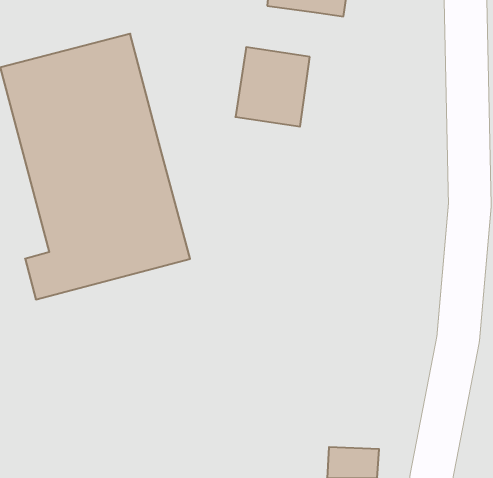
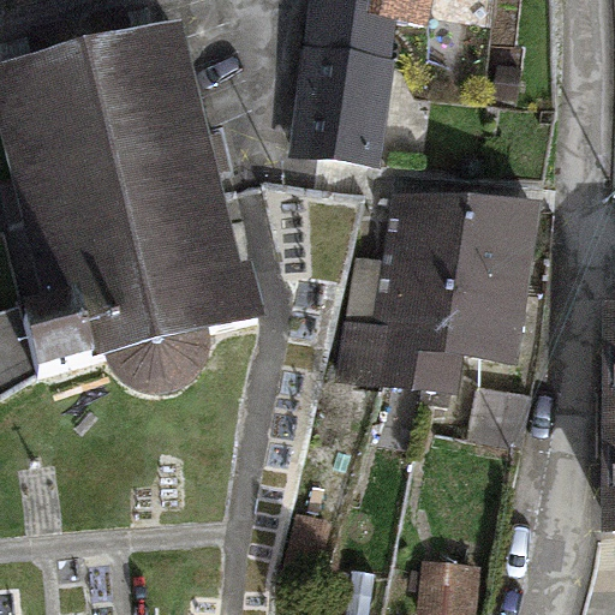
building: none -> [306,5,394,71]
building: none -> [340,197,536,389]

